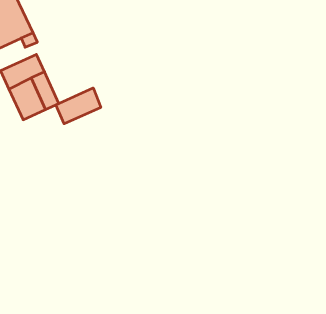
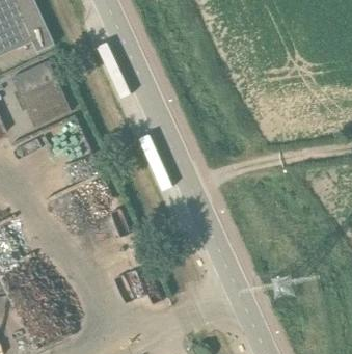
building: [56,88,101,124] -> none

